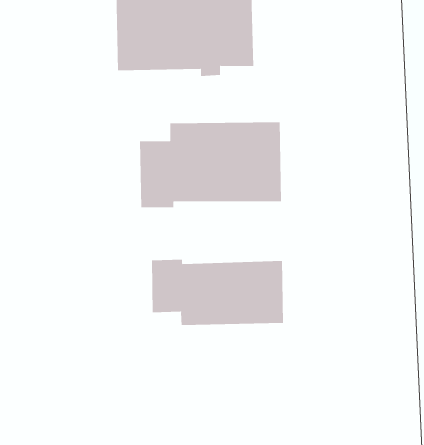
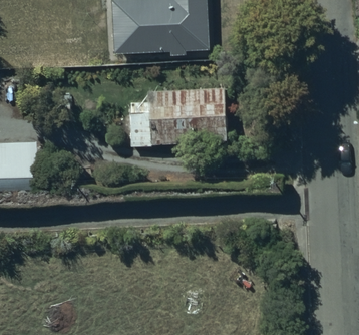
building: [151,259,284,326] -> none

